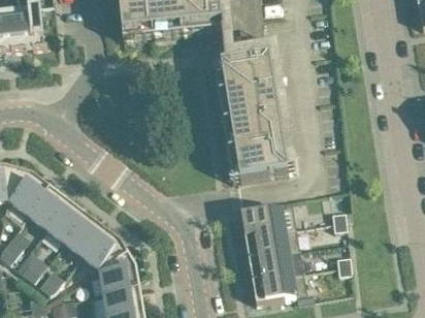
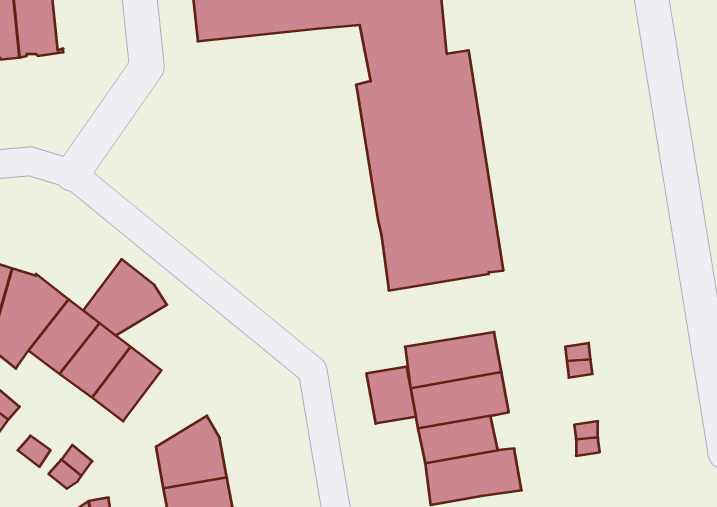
building: none -> [367,366,416,424]
building: [80,227,128,271] -> [83,259,167,336]

